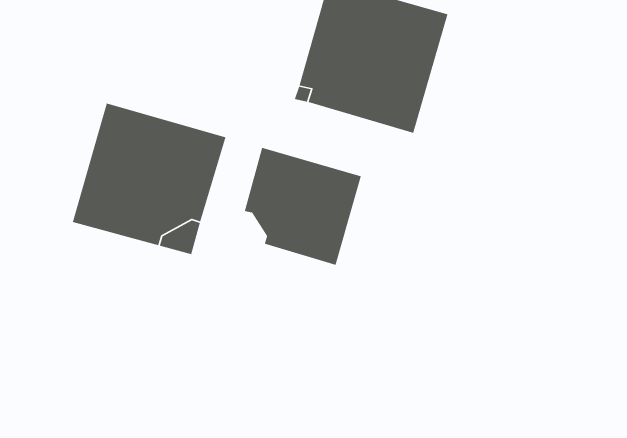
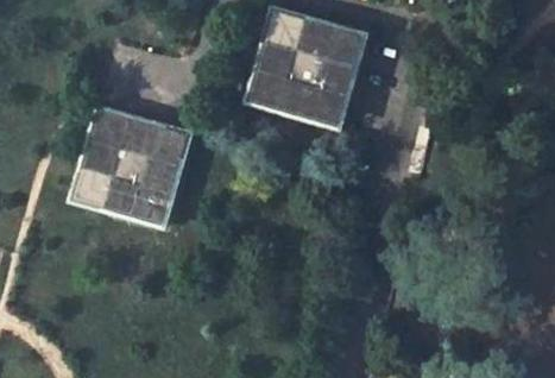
building: [244,147,362,266] -> none

